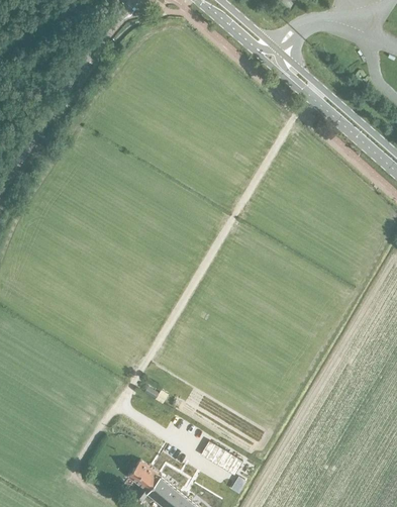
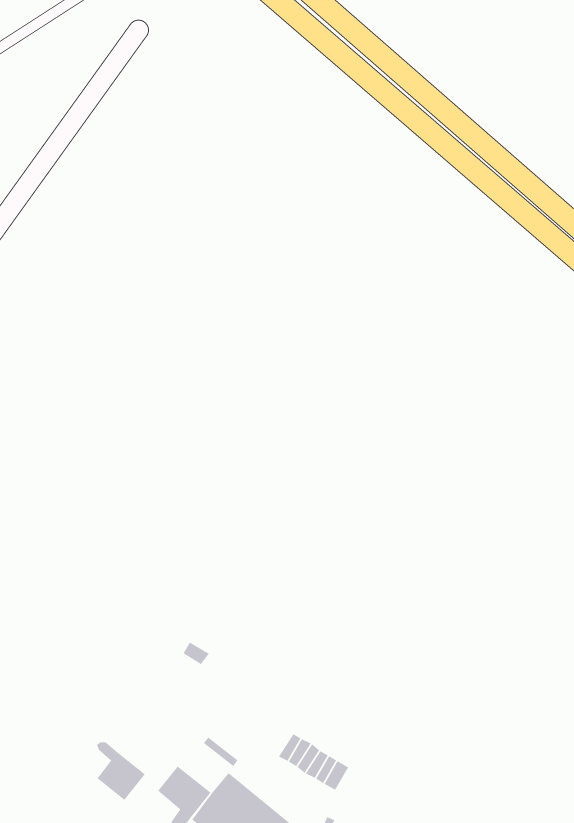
building: none -> [96,742,146,801]

